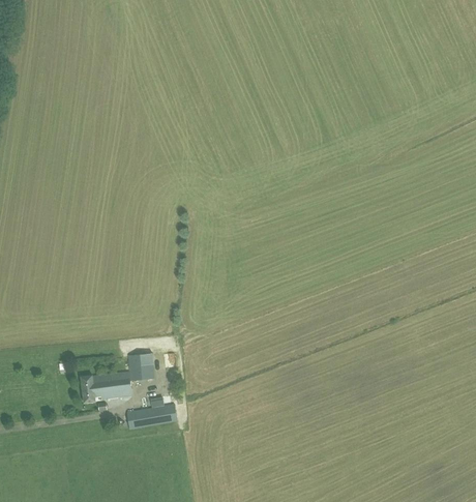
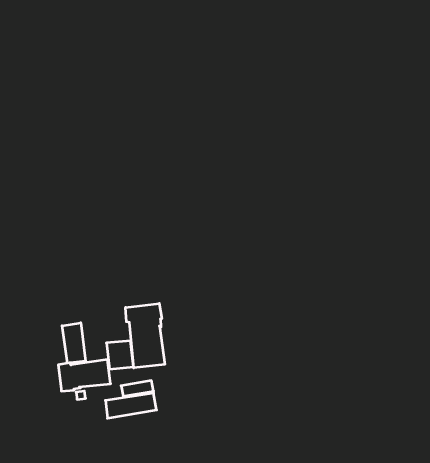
building: none -> [126,303,165,368]
building: none -> [62,323,85,363]

